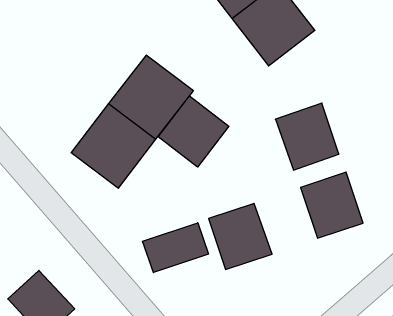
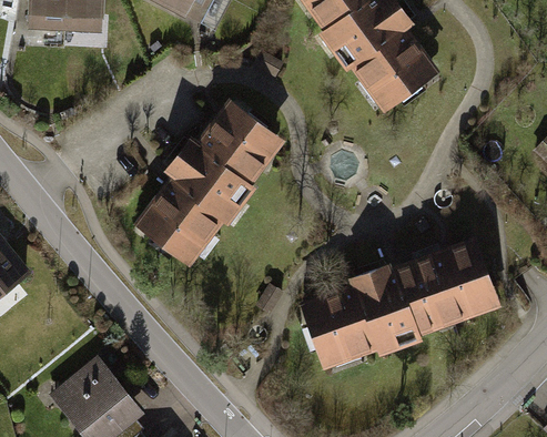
building: [158,96,229,167] -> none
building: [275,103,339,170] -> [362,262,440,345]
building: [143,223,209,273] -> none

